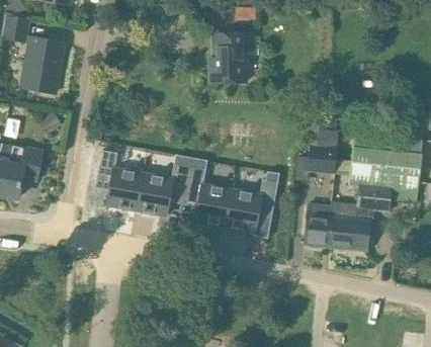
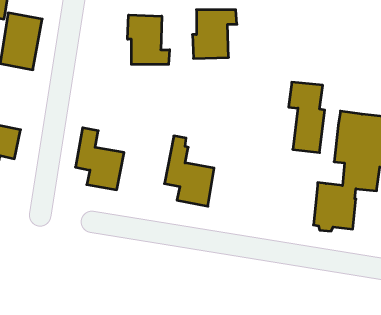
building: none -> [128,15,170,64]
building: [136,154,191,214] -> none
building: [225,170,279,231] -> none
building: [304,203,332,247] -> none

